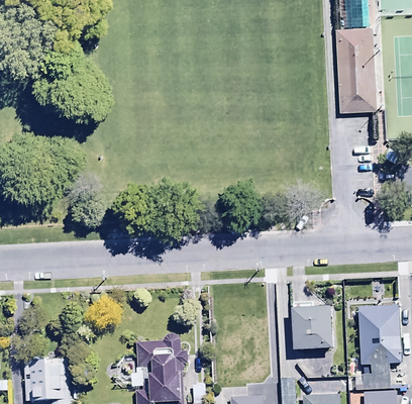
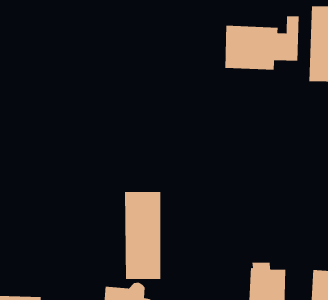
building: none -> [225,15,299,71]
building: none -> [125,191,161,280]

